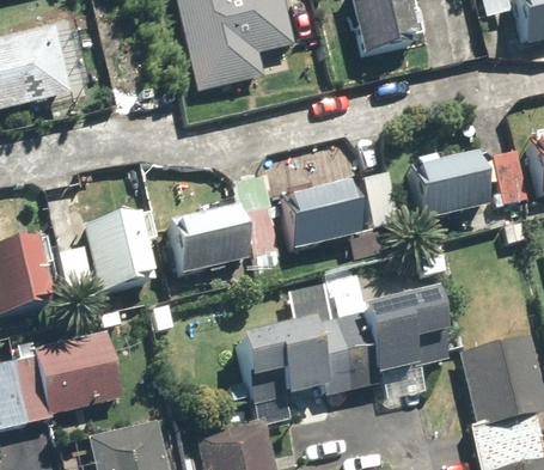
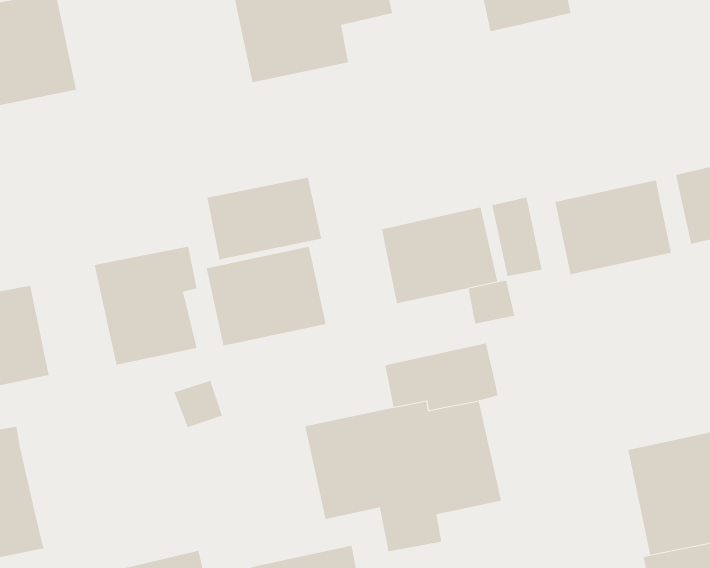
building: none -> [207,177,322,260]
building: [367,288,450,371] -> none
building: [32,330,124,415] -> none

